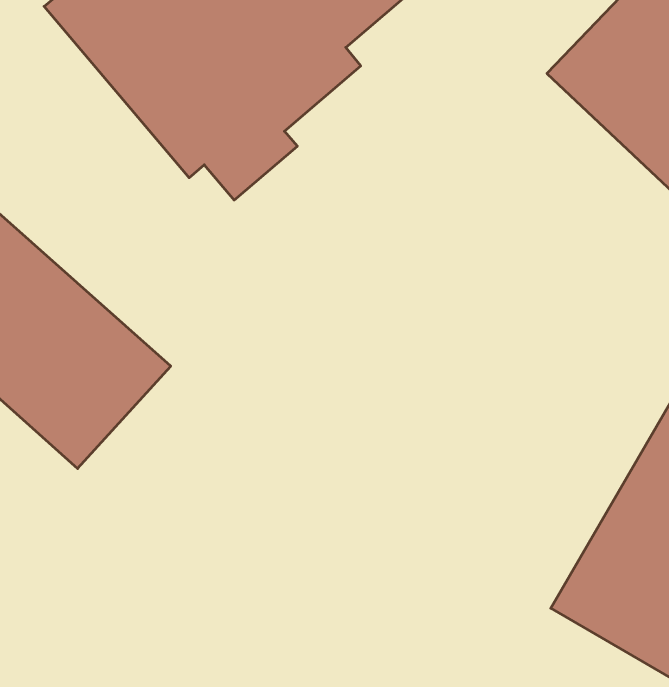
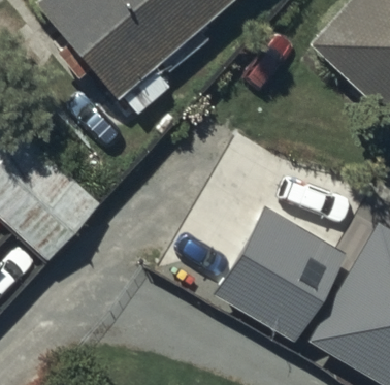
building: none -> [217,210,345,342]

